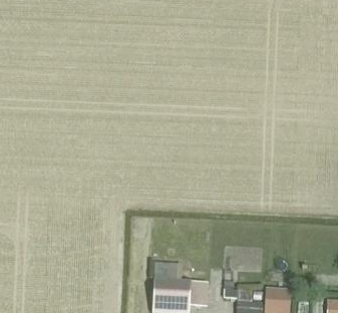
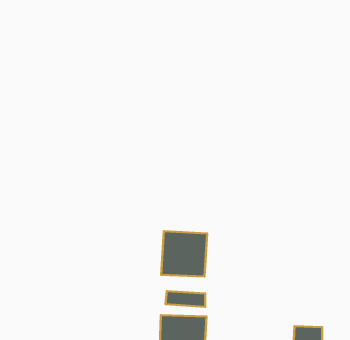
building: none -> [161,231,207,276]

